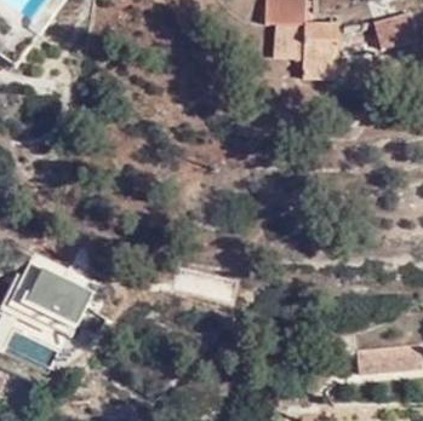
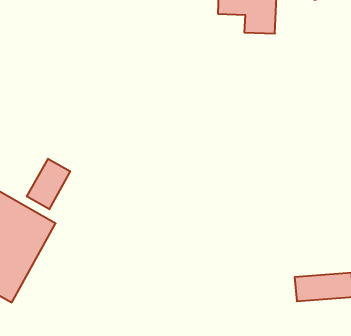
building: none -> [27,159,70,209]

